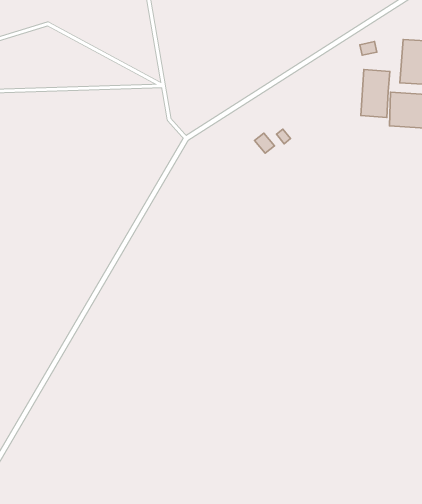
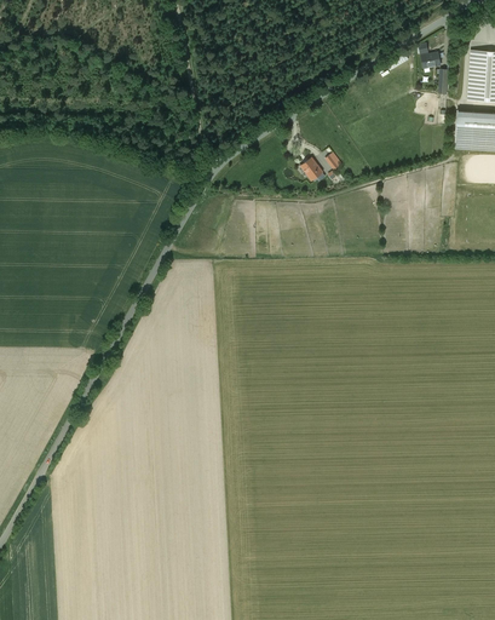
building: [361,69,390,117] -> none

